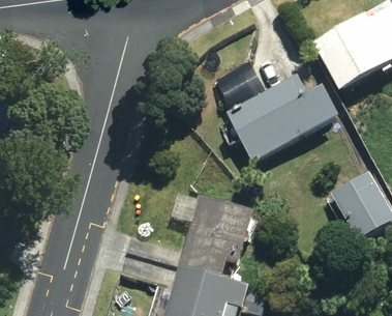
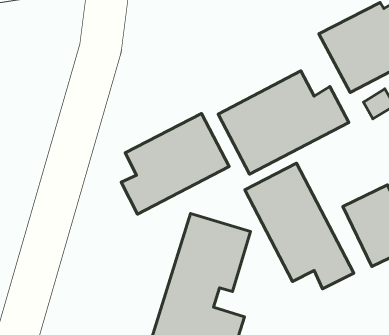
building: none -> [121,113,229,214]
building: none -> [245,163,354,289]

